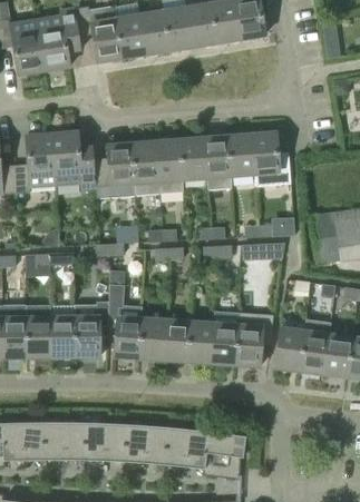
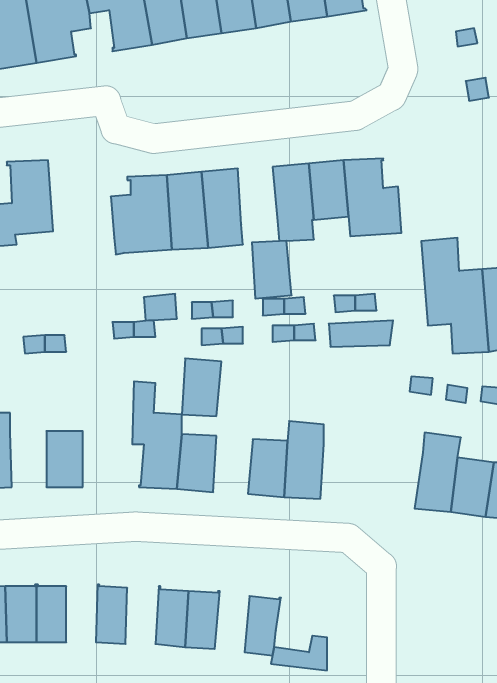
building: [51,132,96,188] -> none
building: [179,139,206,178] -> [252,241,292,299]
building: [26,305,50,355] -> none
building: [235,313,273,365] -> none
building: [75,317,100,355] -> none
building: [163,321,189,360] -> [182,358,221,416]
building: [273,328,304,370] -> none
building: [64,421,85,460] -> none
building: [104,422,126,461] -> none
building: [164,425,187,466] -> none
building: [205,430,245,457] -> none

